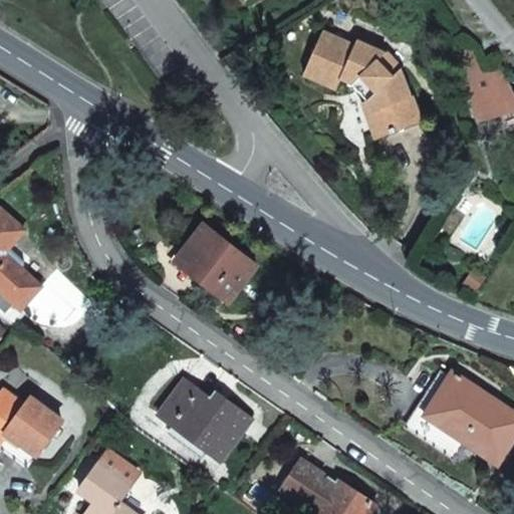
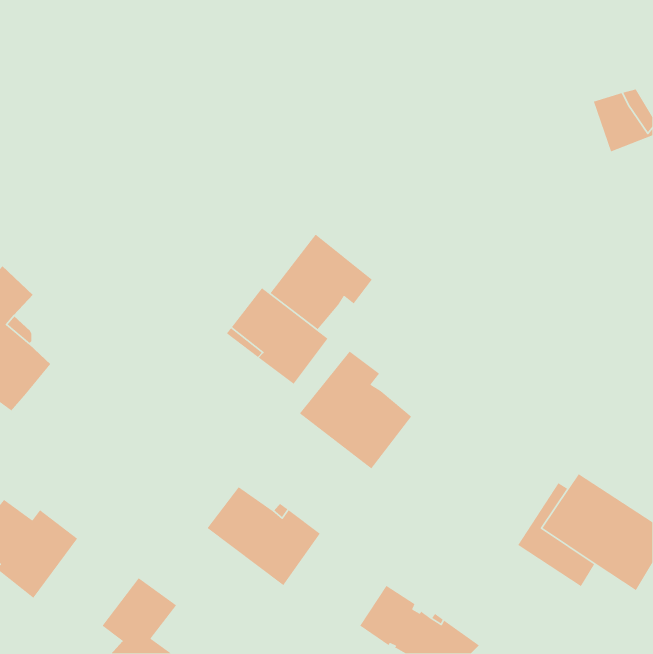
building: [302,31,421,137] -> none
building: none -> [270,234,373,330]
building: none -> [299,350,412,470]

